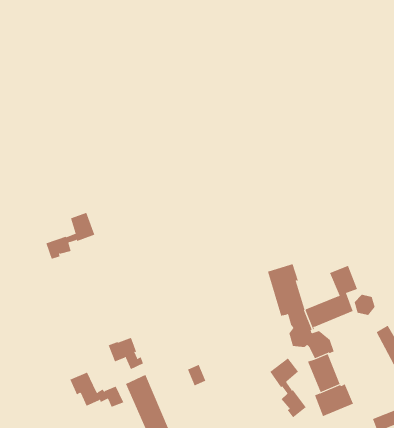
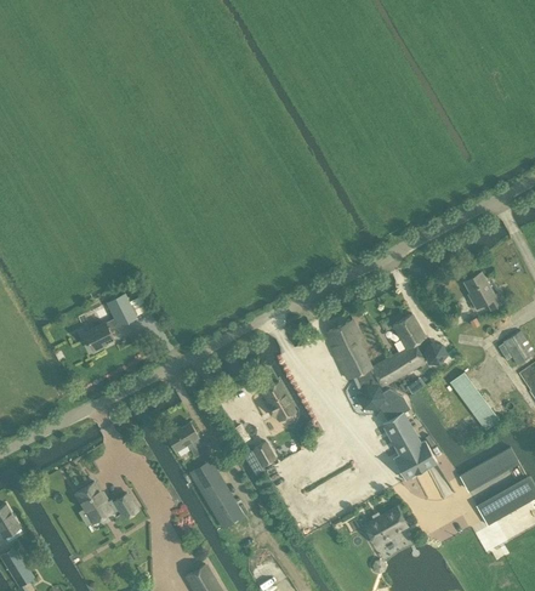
building: none -> [262,382,296,421]
building: [269,357,306,418] -> none
building: [69,372,124,408] -> [75,483,137,521]

